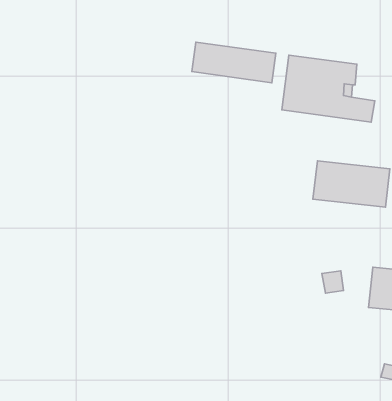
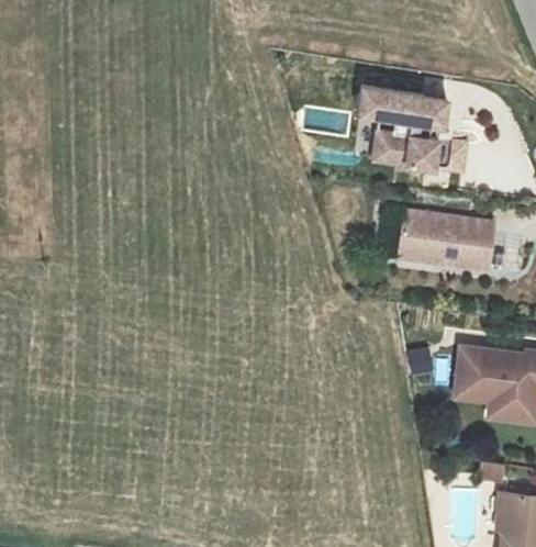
building: [192,42,276,83] -> none

